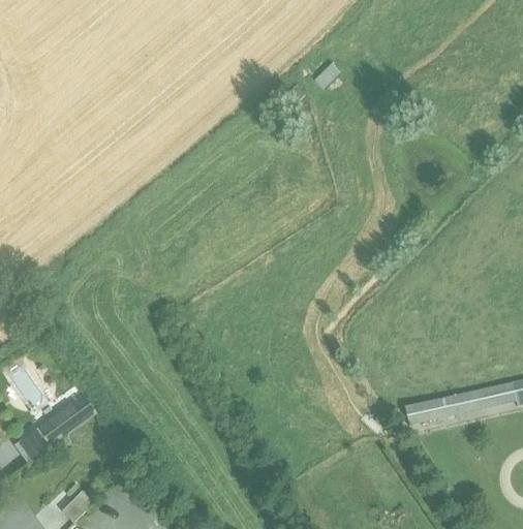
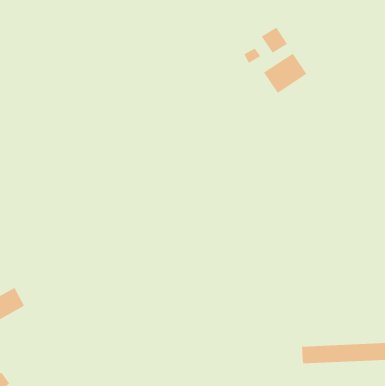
building: none -> [263,53,307,94]

